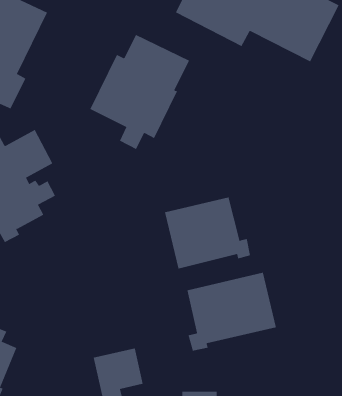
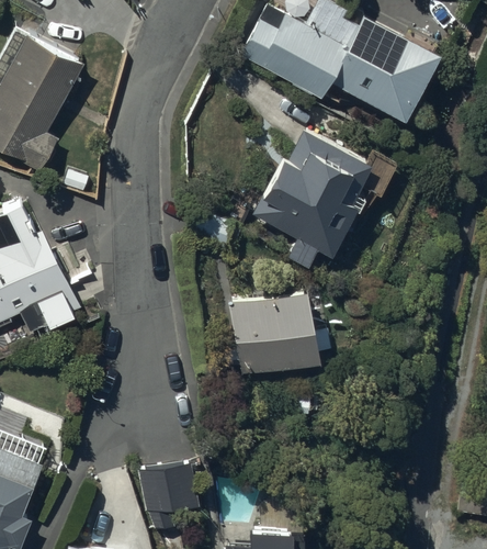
building: [89,34,190,150] -> [250,127,372,268]
building: [187,272,276,351] -> none

